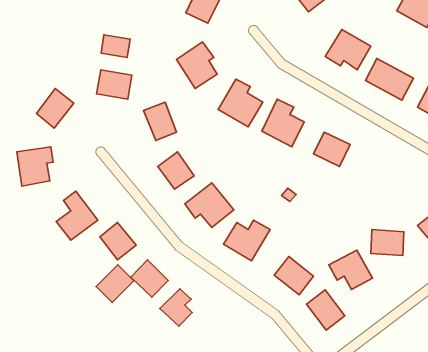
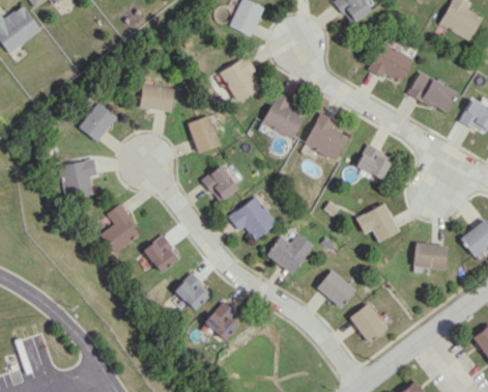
building: [101,35,130,57] -> none
building: [329,250,372,290] -> [356,203,400,243]
building: [96,265,134,303] -> none

